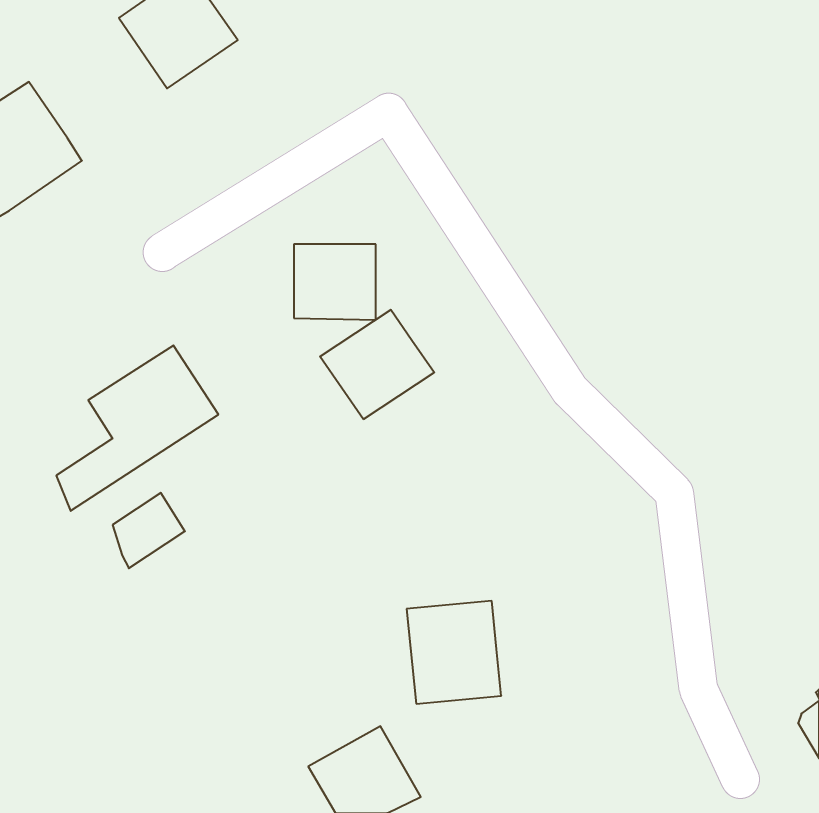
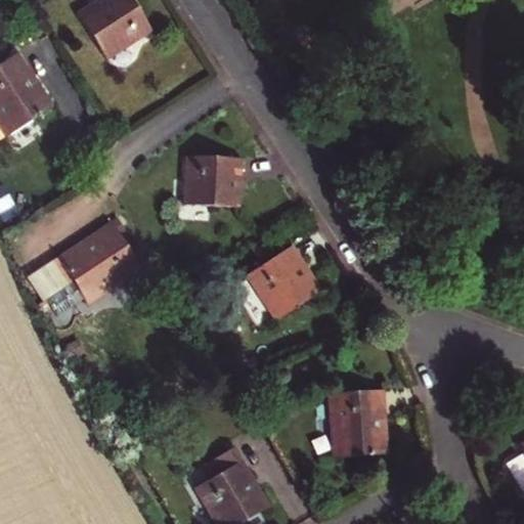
building: [320,310,434,419] -> [247,246,319,315]
building: [113,493,185,568] -> [26,255,72,303]
building: [407,601,501,704] -> [329,390,389,455]

